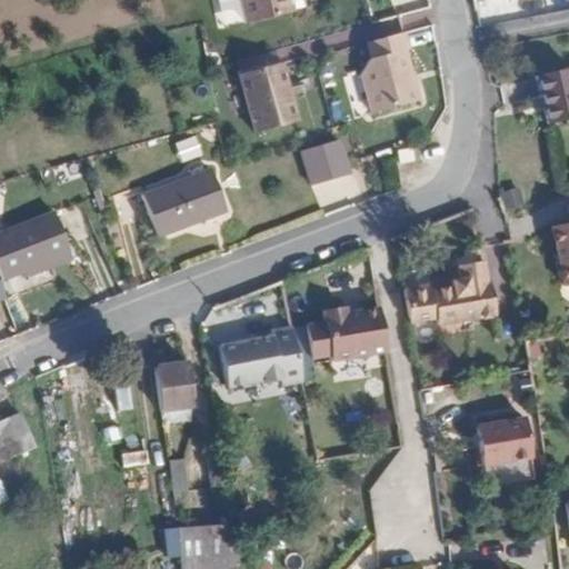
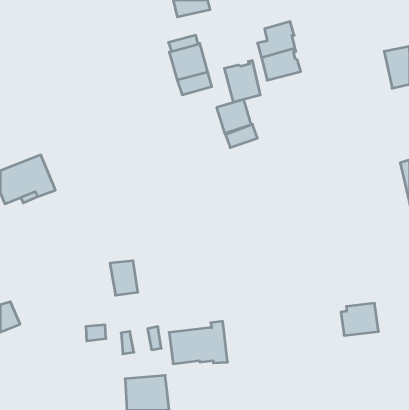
building: none -> [224,60,260,102]
building: [147,169,228,236] -> none
building: [406,260,498,320] -> none
building: [303,297,383,353] -> none
building: [221,332,302,391] -> [169,321,228,364]

